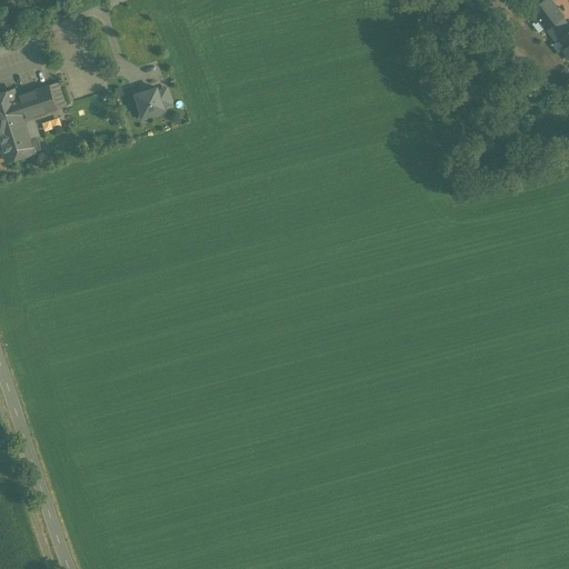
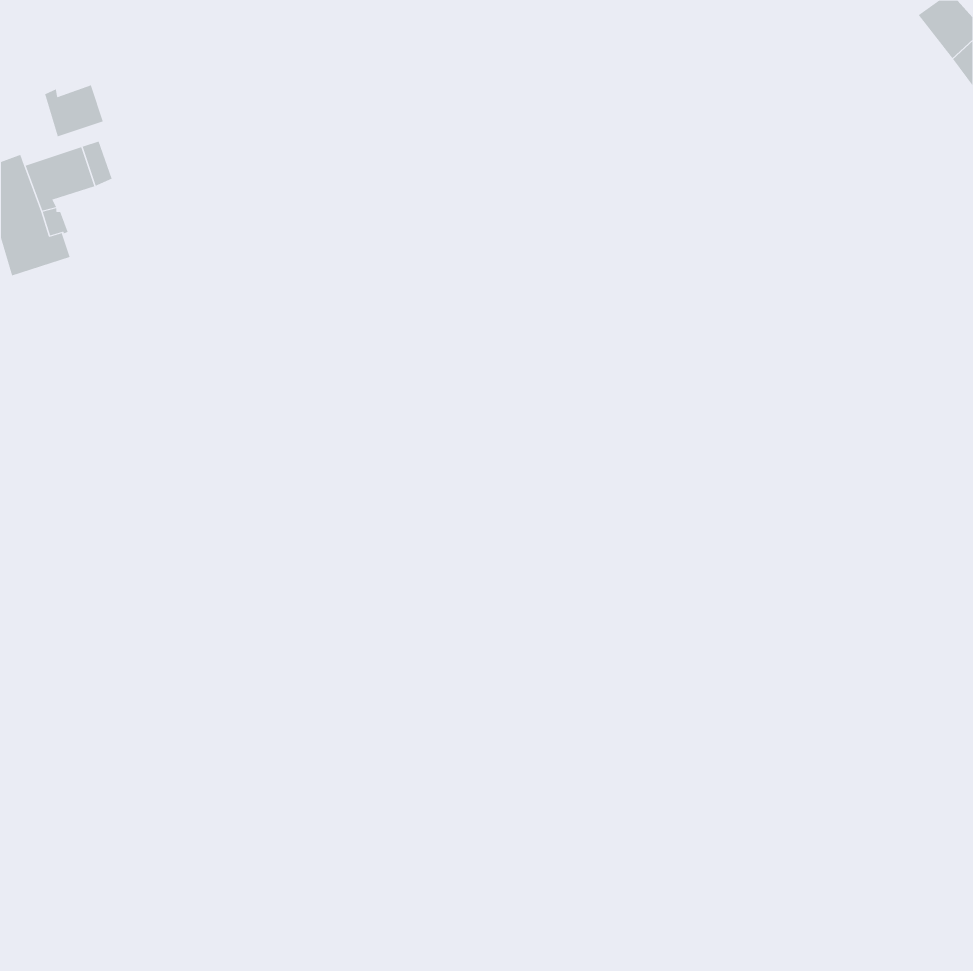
building: none -> [44,85,104,137]
building: [136,89,163,117] -> none

